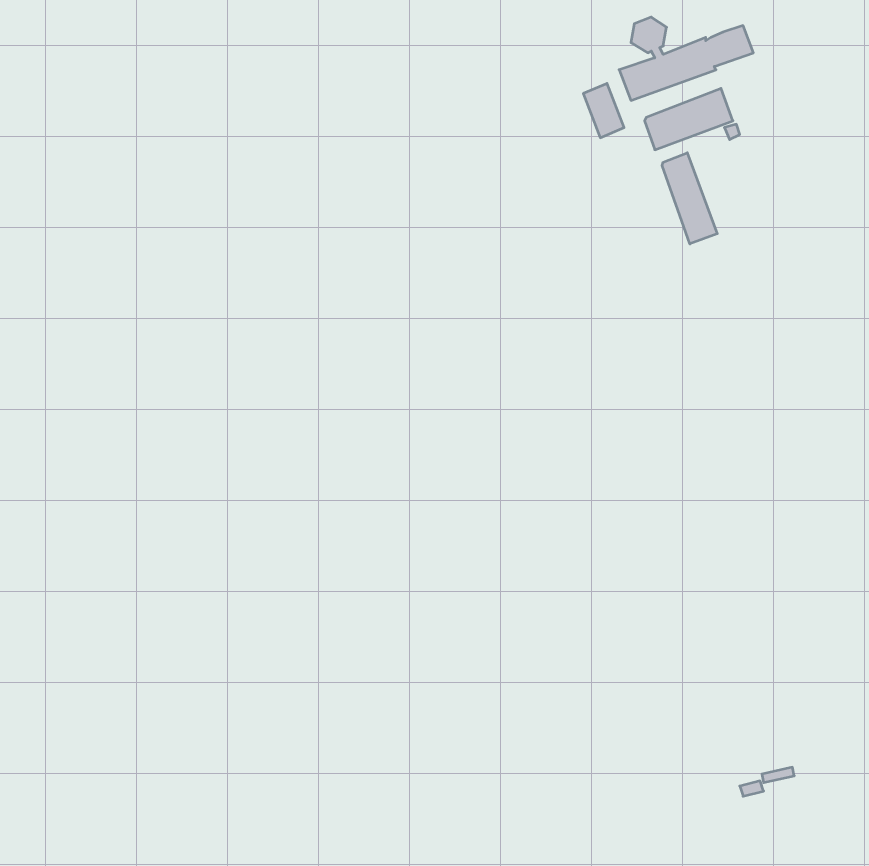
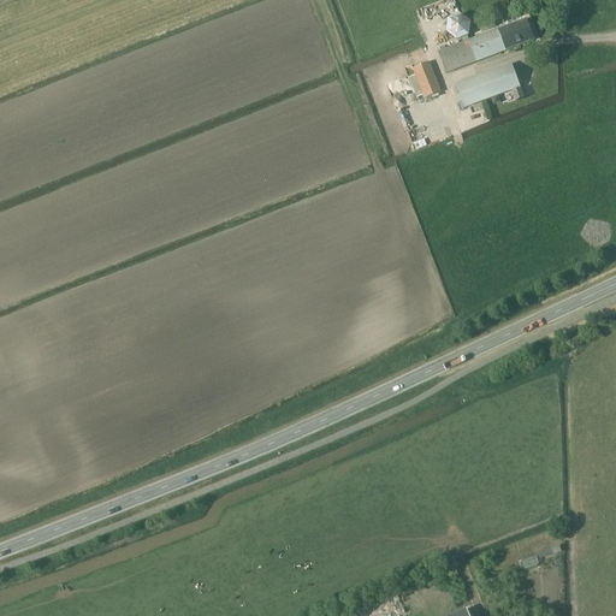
building: [662,153,717,244] -> none

